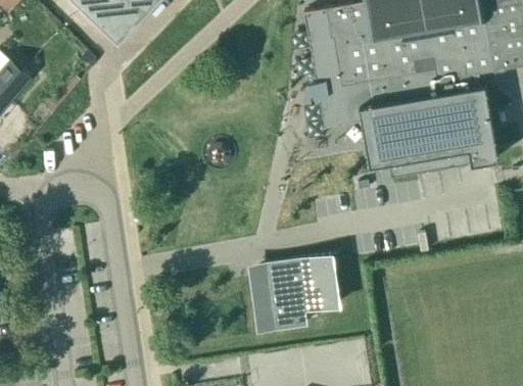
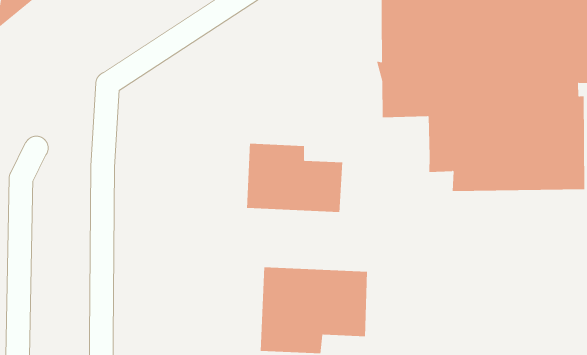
building: none -> [247,143,343,213]

